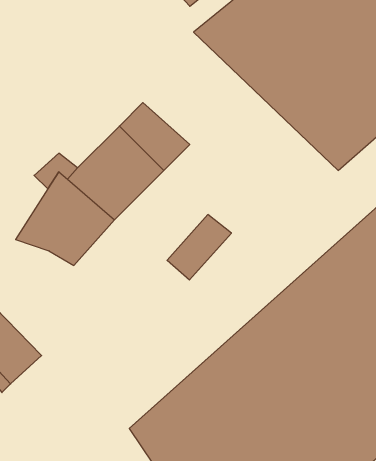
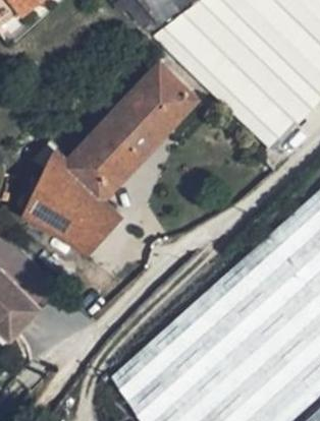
building: none -> [121,71,194,141]
building: [167,215,231,280] -> [64,203,117,257]

